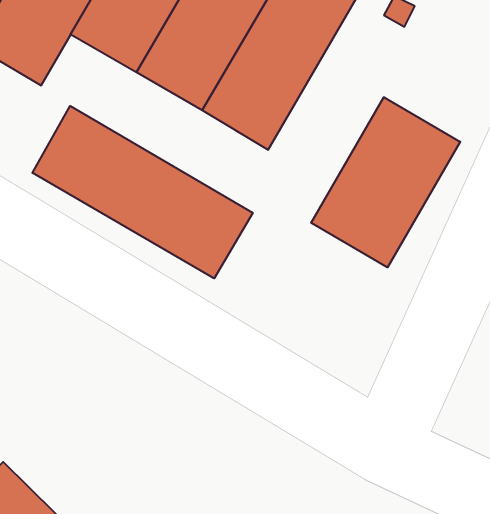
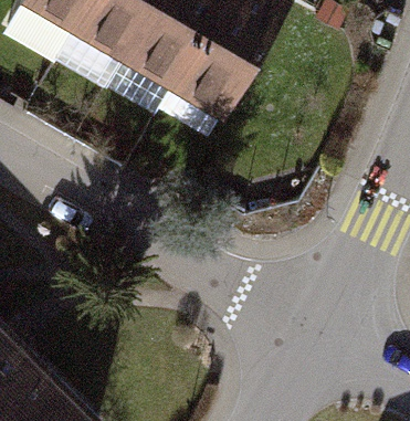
building: [311,97,460,267] -> none
building: [32,106,253,278] -> none

